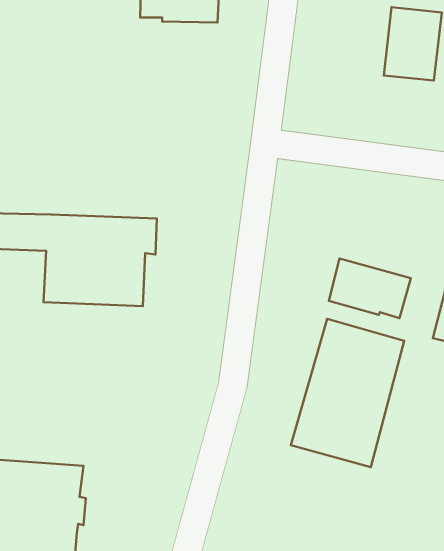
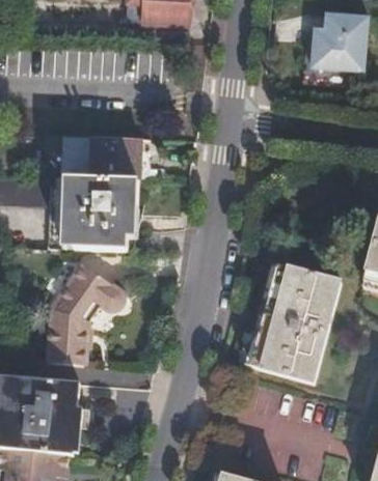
building: none -> [56,135,143,181]
building: [329,259,411,318] -> none
building: none -> [48,261,124,362]

